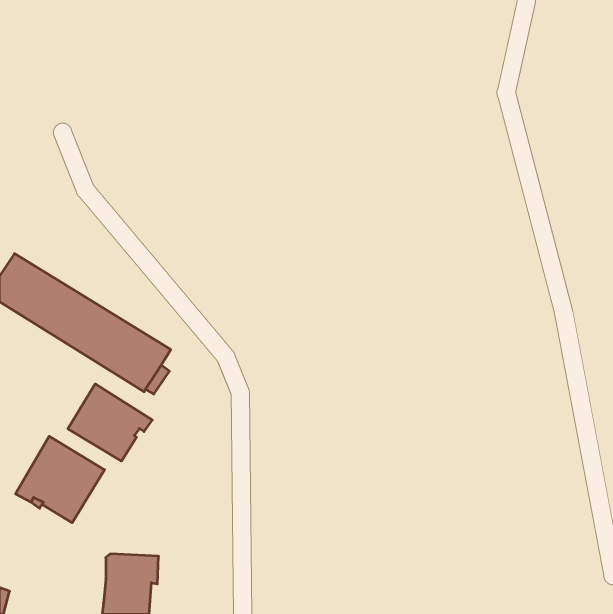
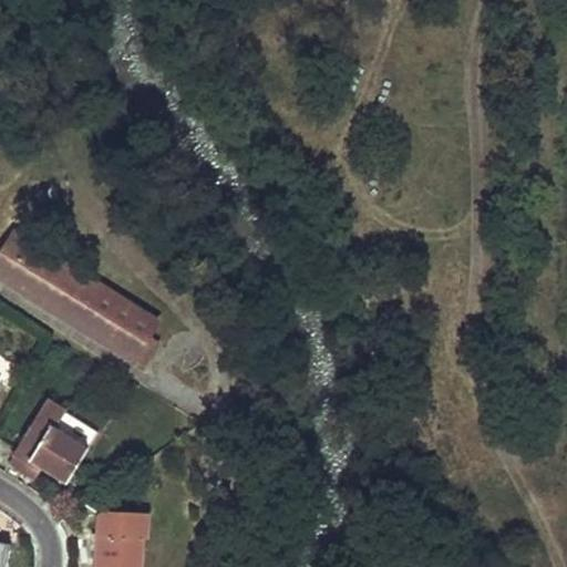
building: [68,384,152,461] -> none

